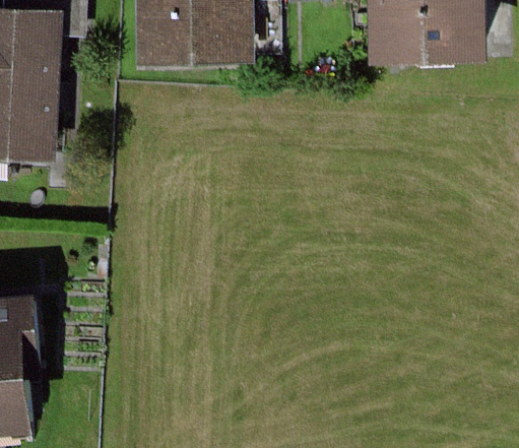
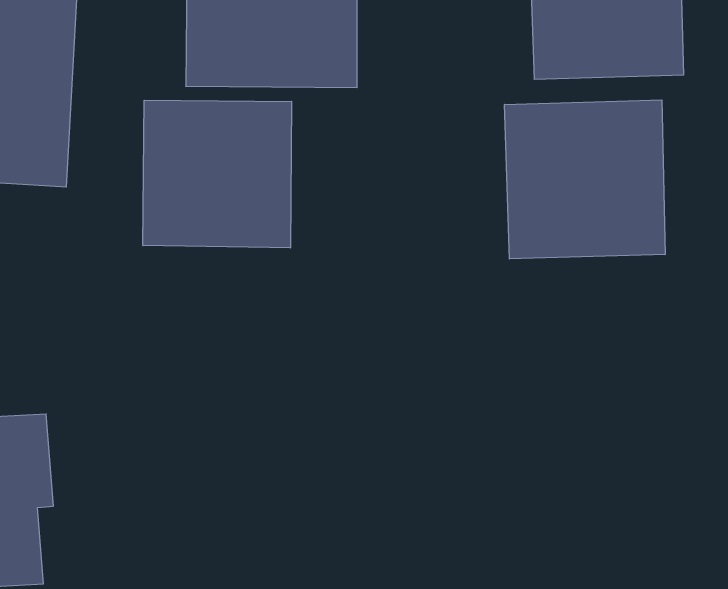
building: none -> [505,100,665,259]
building: none -> [143,100,292,248]

